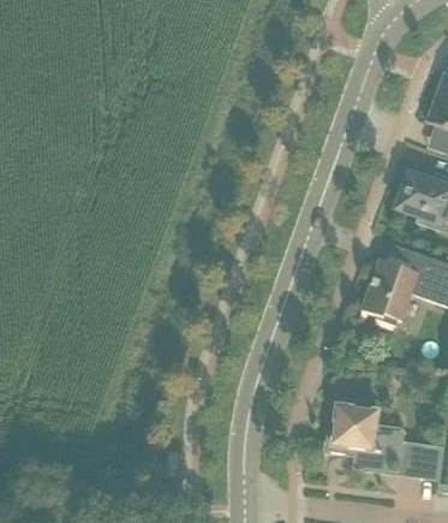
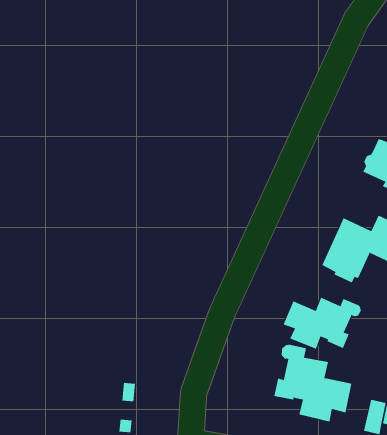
building: none -> [283,297,361,349]

